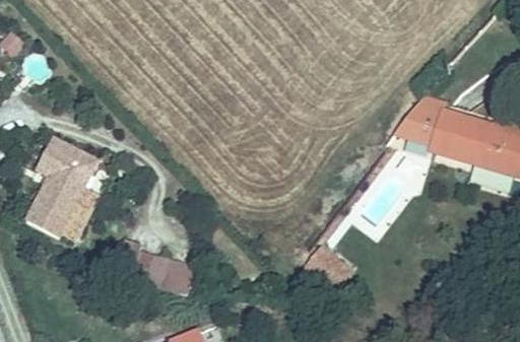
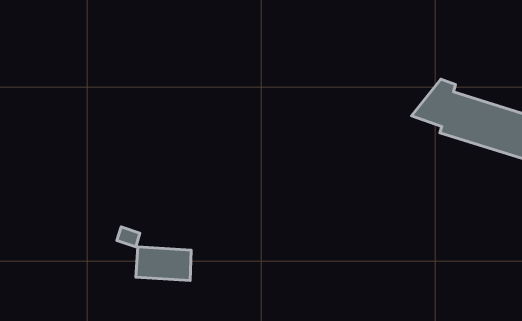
building: [26,137,98,237] -> none

